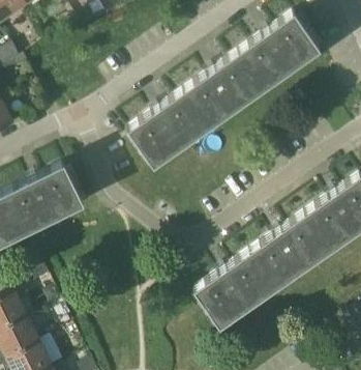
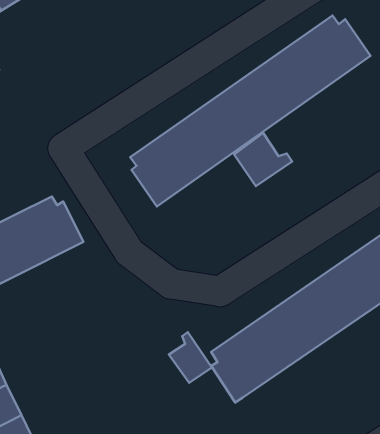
building: none -> [234,133,292,186]
building: none -> [169,332,212,383]

